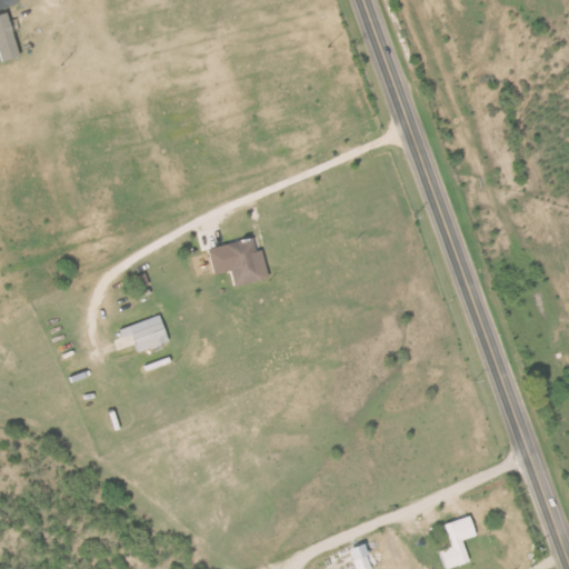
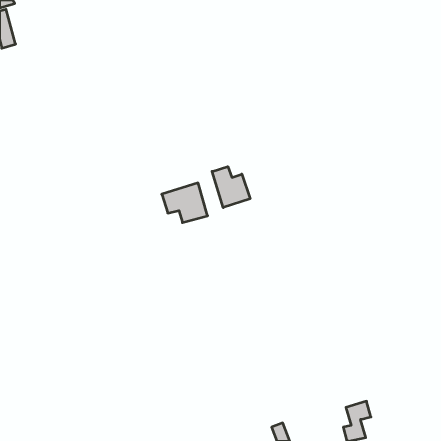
building: none -> [212,167,250,208]
building: [120,317,168,351] -> none

